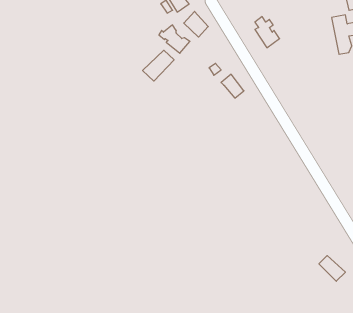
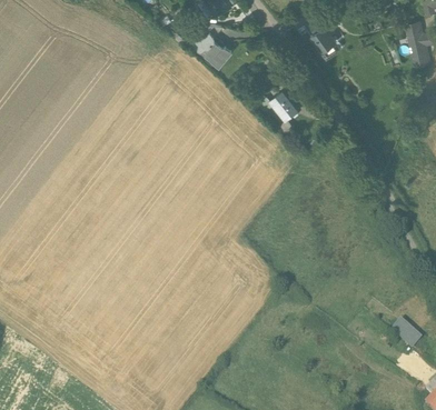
building: [184,11,208,37] -> none
building: [143,50,174,81] -> none

